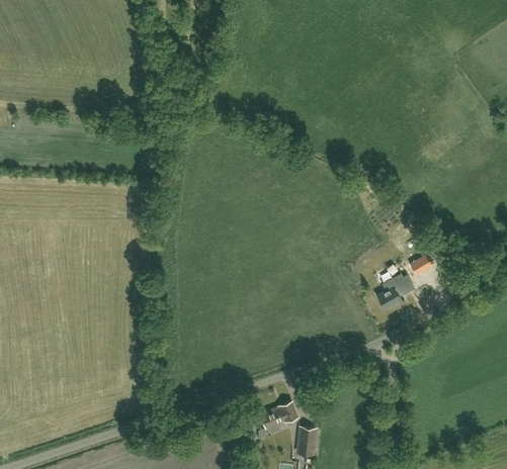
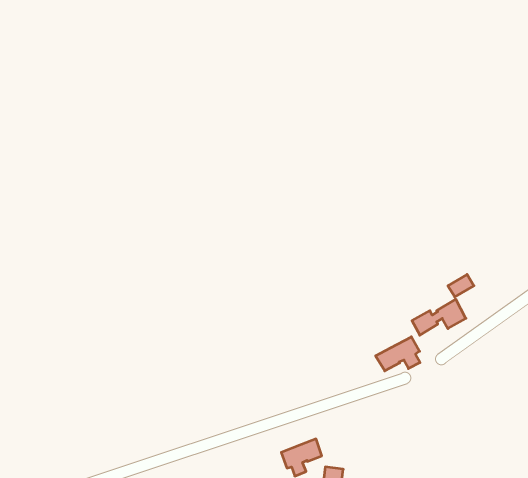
building: none -> [376,337,420,371]

